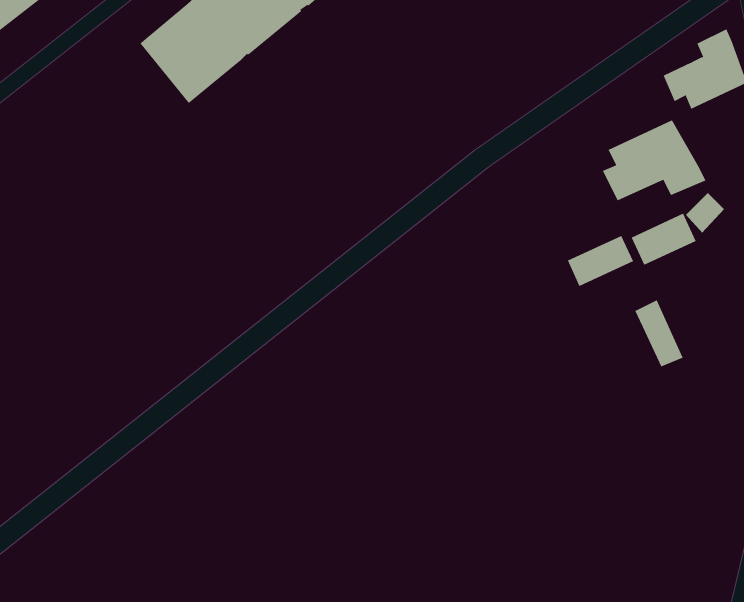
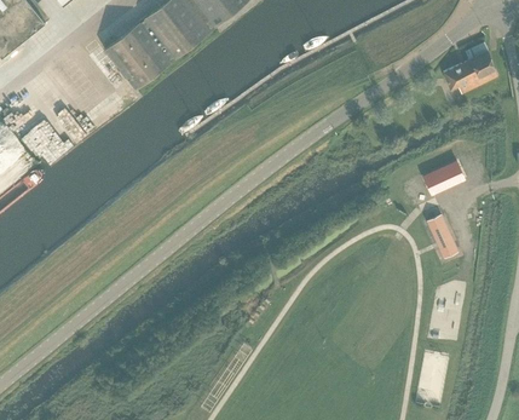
building: [602,120,706,201] -> none
building: [567,235,634,287] -> none

